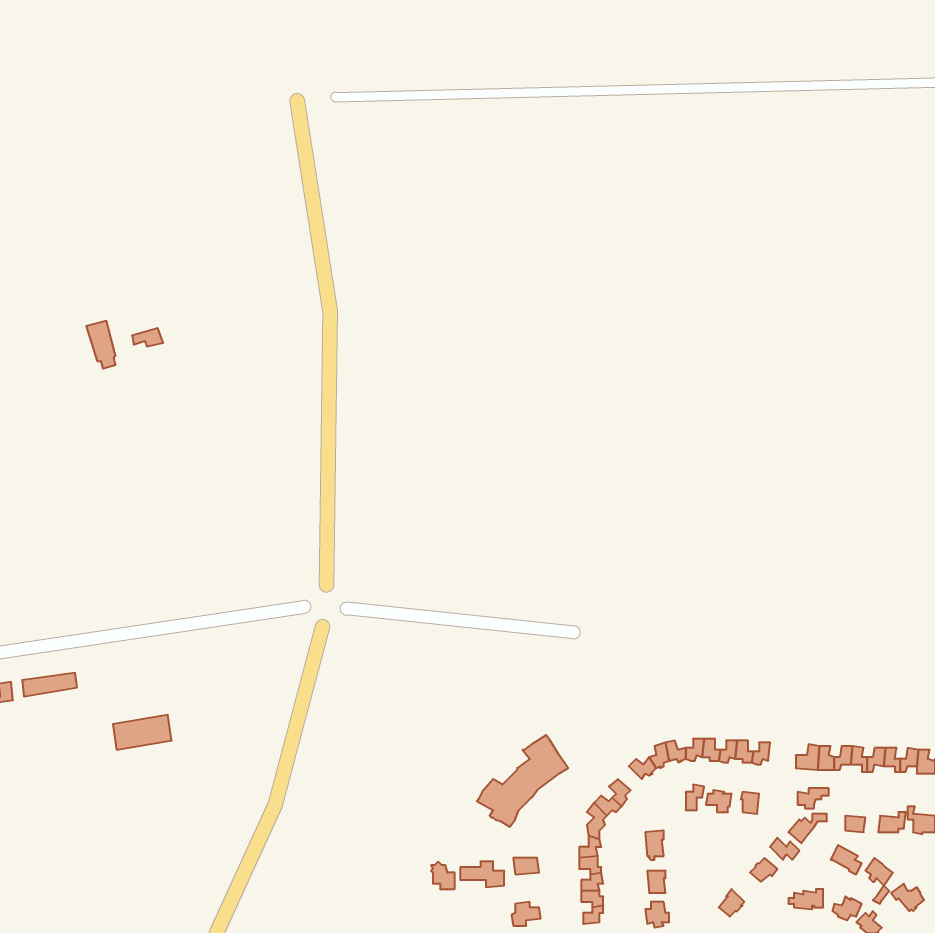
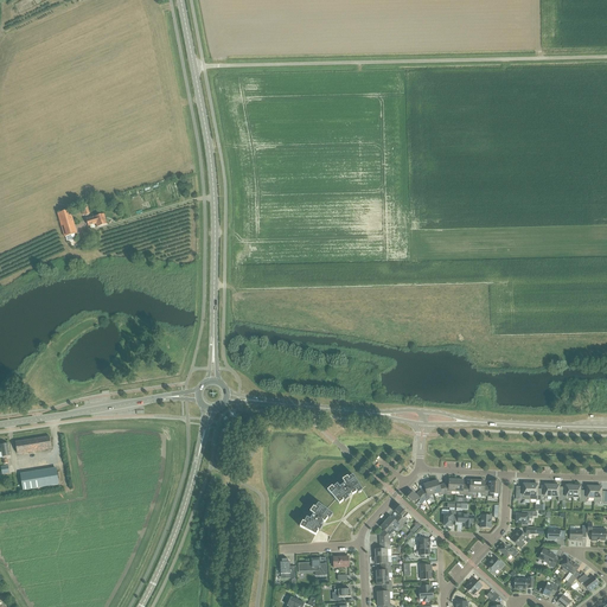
building: [113,715,172,750] -> [19,466,57,488]

